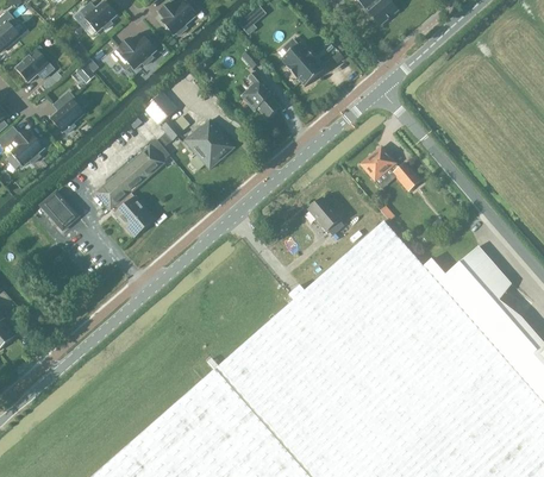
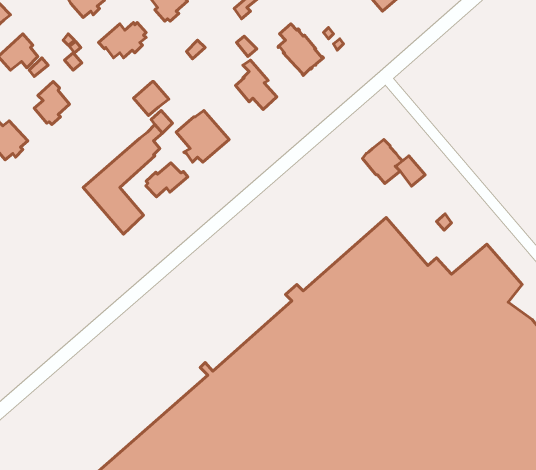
building: none -> [146,163,188,197]
building: [40,194,79,233] -> none
building: [308,197,344,237] -> none

